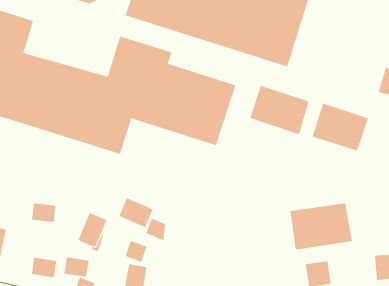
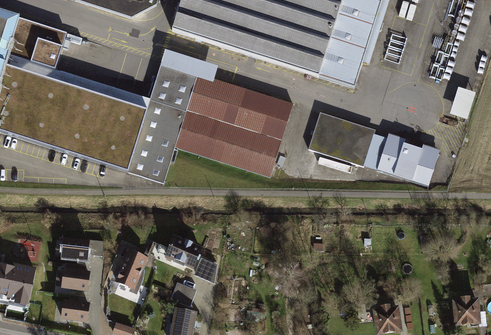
building: none -> [366,128,389,165]
building: [290,203,352,250] -> none
building: [64,257,89,277] -> [64,269,93,292]

